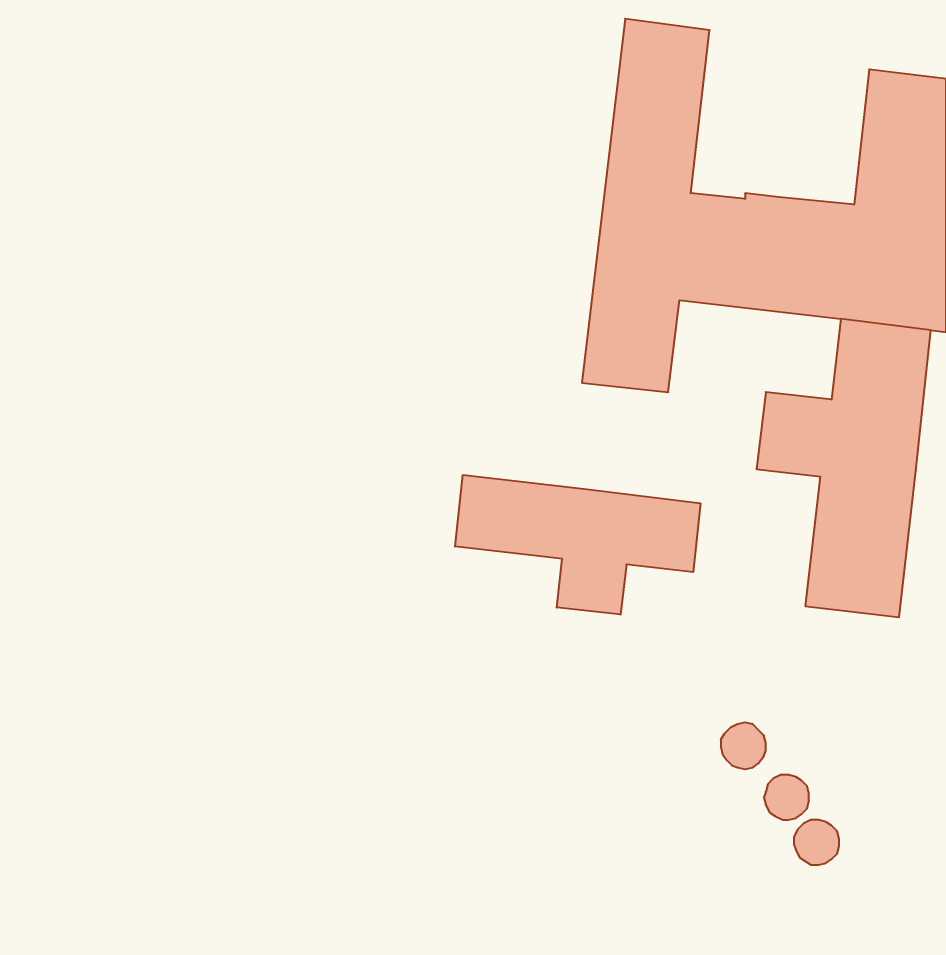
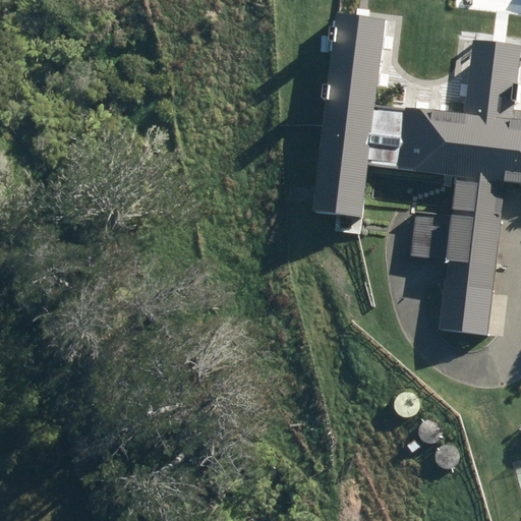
building: [455,475,700,615] -> none

